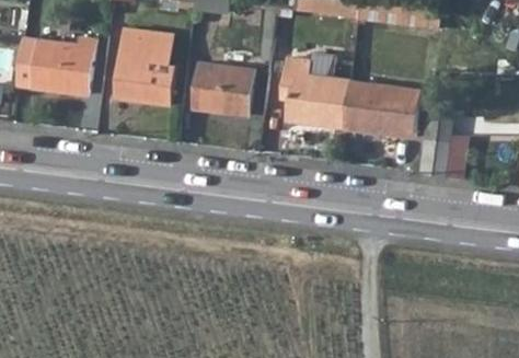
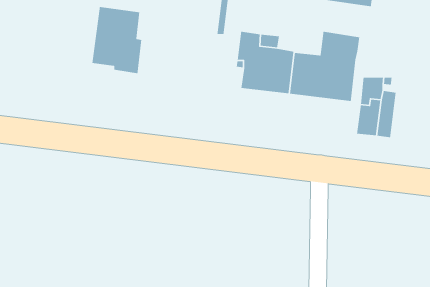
building: [15,37,93,94] -> none
building: [193,62,252,115] -> none

